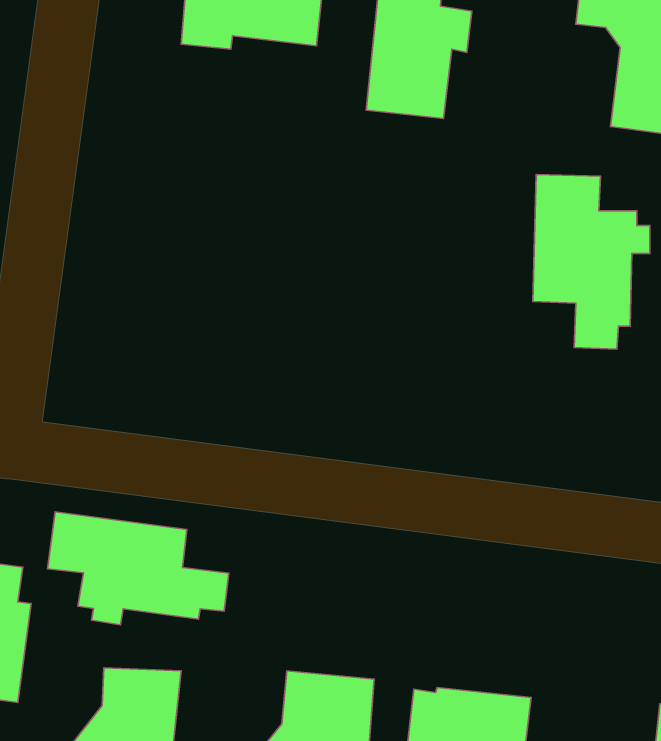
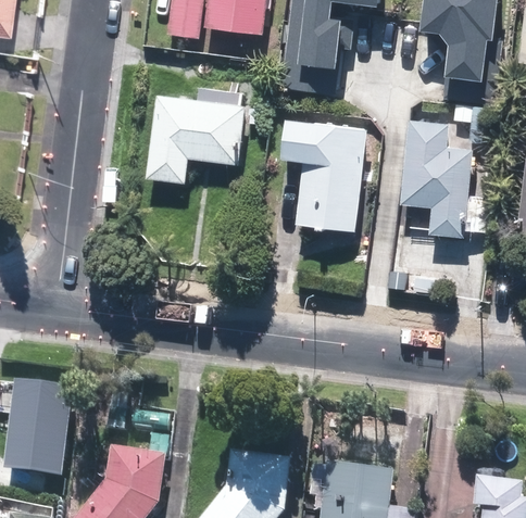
building: none -> [139,85,241,187]
building: none -> [273,124,359,237]
building: [47,512,229,625] -> none

